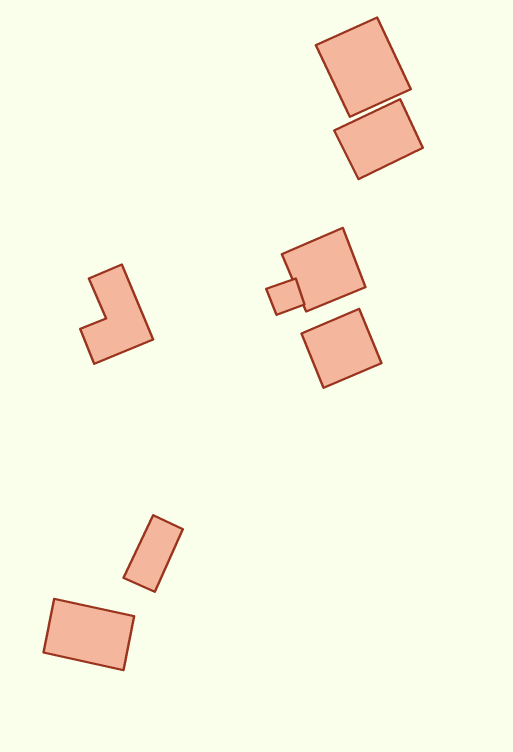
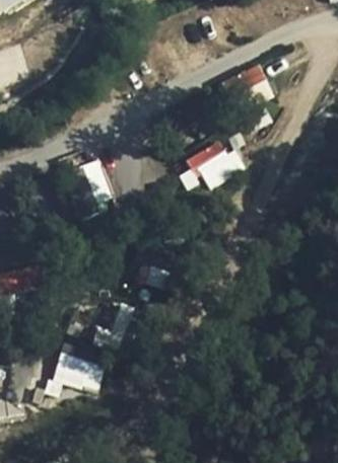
building: [316,17,411,117] -> none
building: [301,309,381,388] -> none

